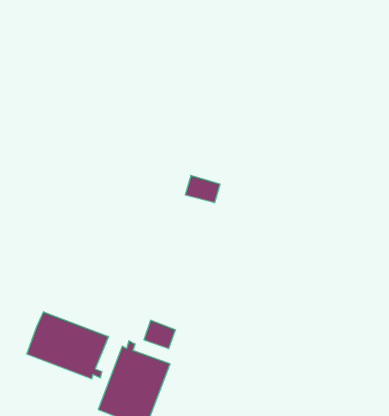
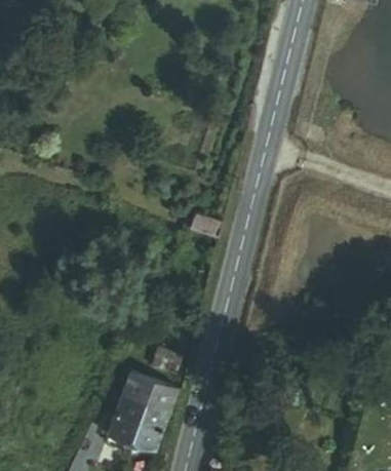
building: [27,312,108,379] -> none

